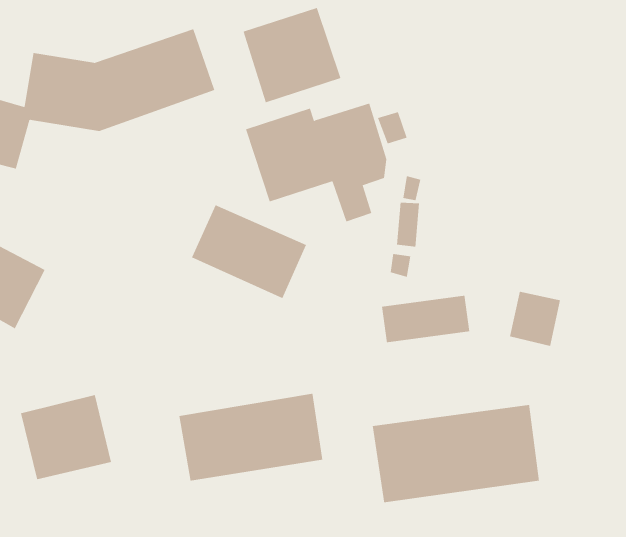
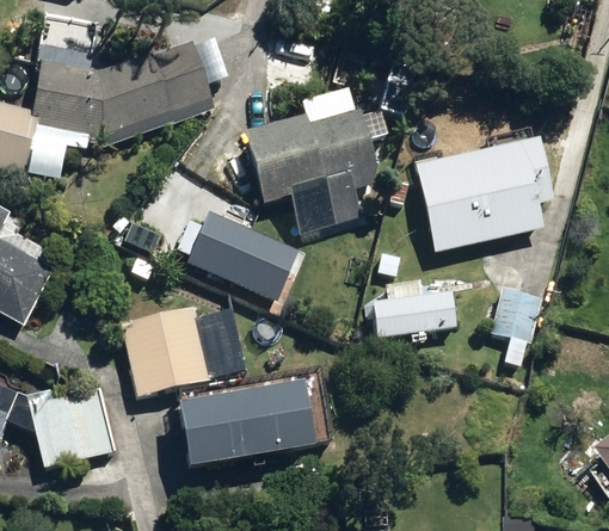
building: [243,7,341,103] -> none
building: none -> [416,136,555,253]
building: none -> [121,305,209,395]
building: [372,404,540,503] -> none

